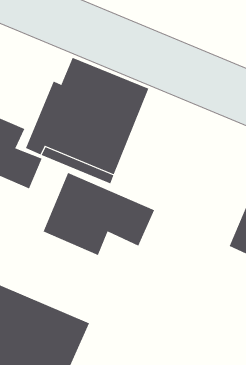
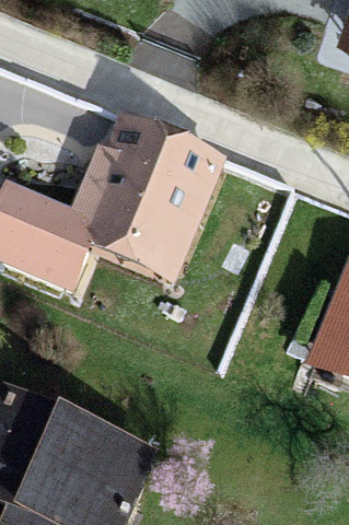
building: [43,172,155,256] -> none

